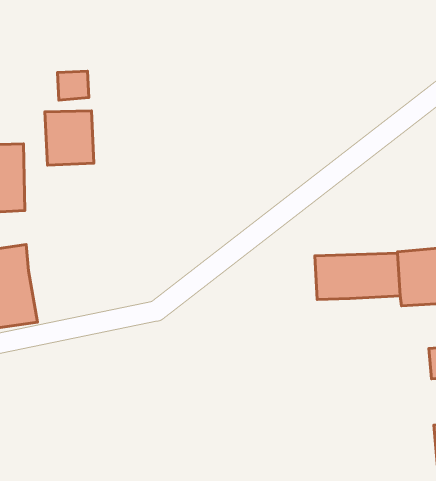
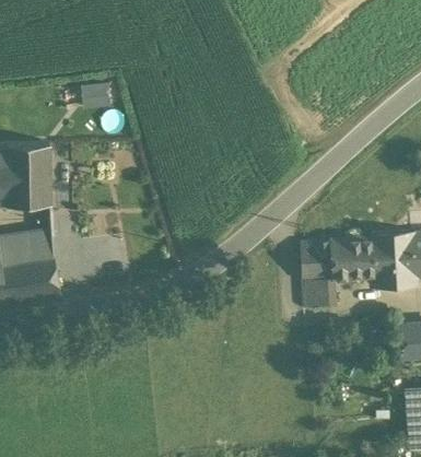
building: [45,111,94,165] -> none
building: none -> [305,278,335,306]

